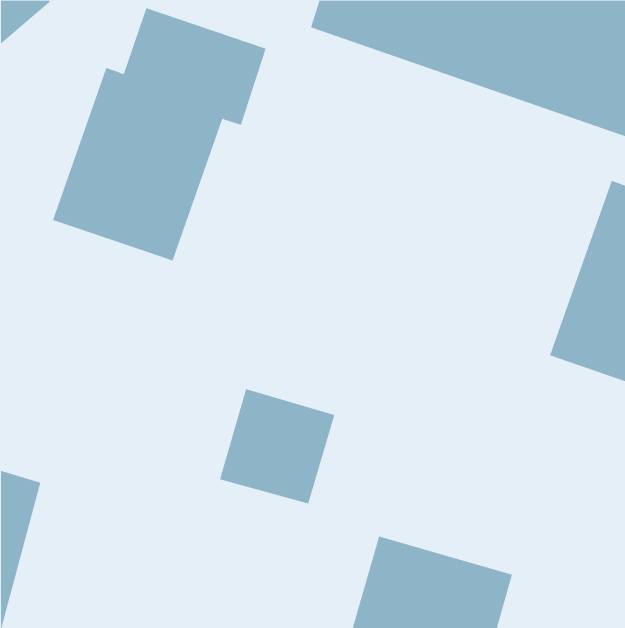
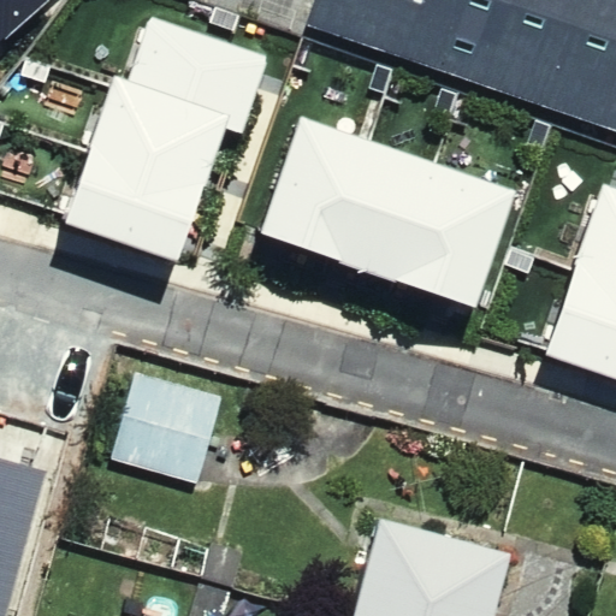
building: none -> [256,112,514,303]
building: [219,389,335,504] -> [116,369,227,481]

